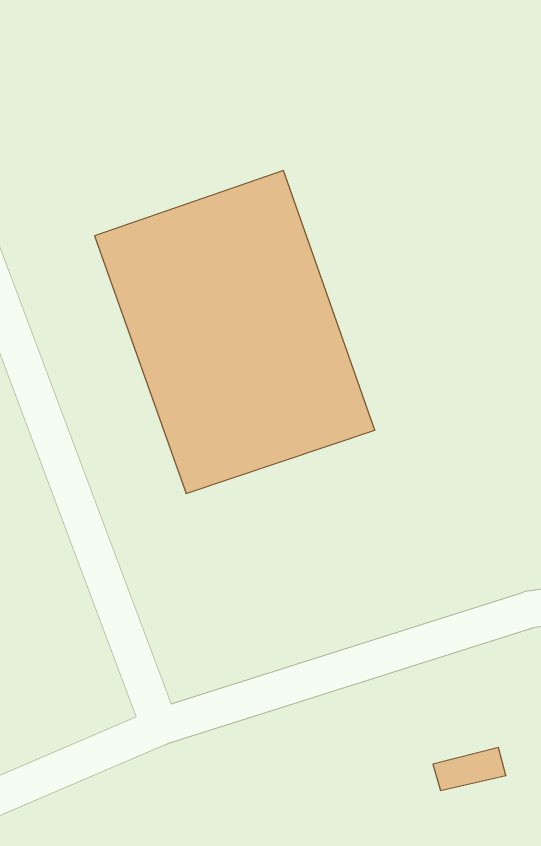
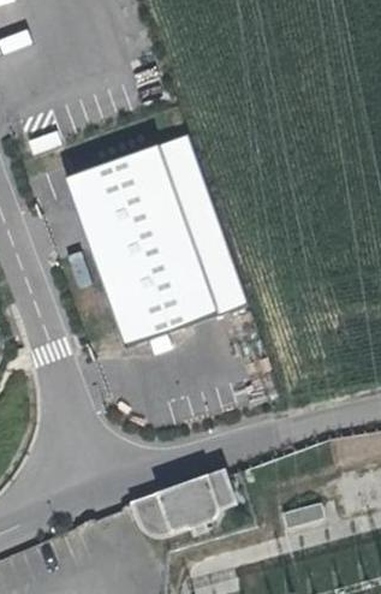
building: none -> [135,475,236,540]

